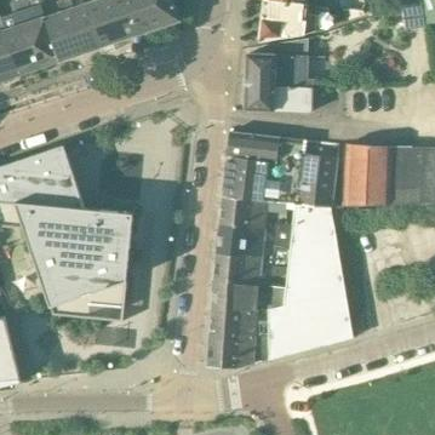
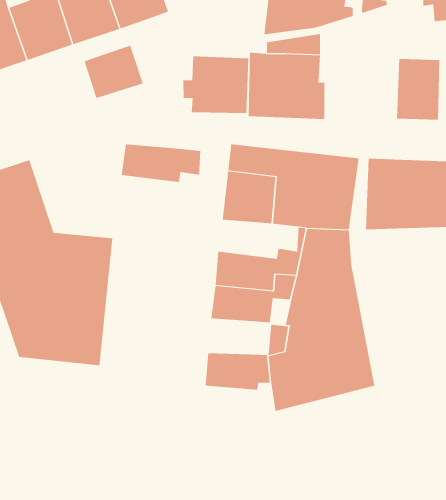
building: none -> [84,45,143,99]
building: none -> [183,55,249,114]
building: none -> [396,58,440,120]
building: [221,195,288,228] -> [121,144,201,182]
building: [212,262,282,309] -> none
building: [207,333,269,367] -> none

